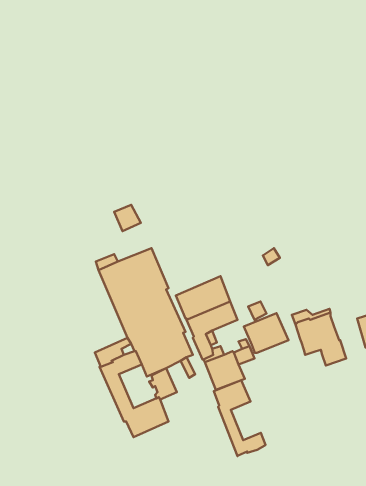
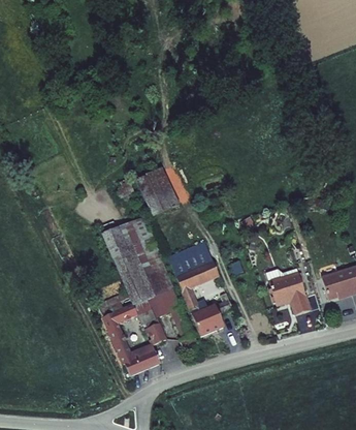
building: none -> [135,167,182,217]
building: [244,313,288,353] -> none
building: [214,380,266,456] -> none

